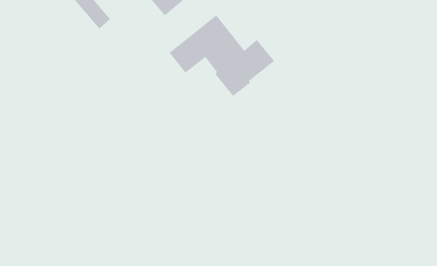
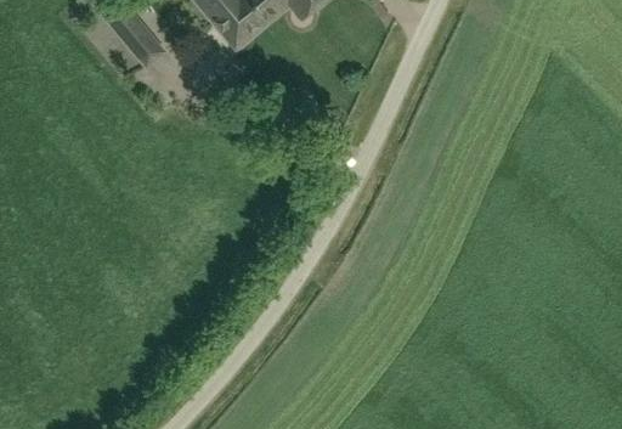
building: [169,14,275,97] -> none

